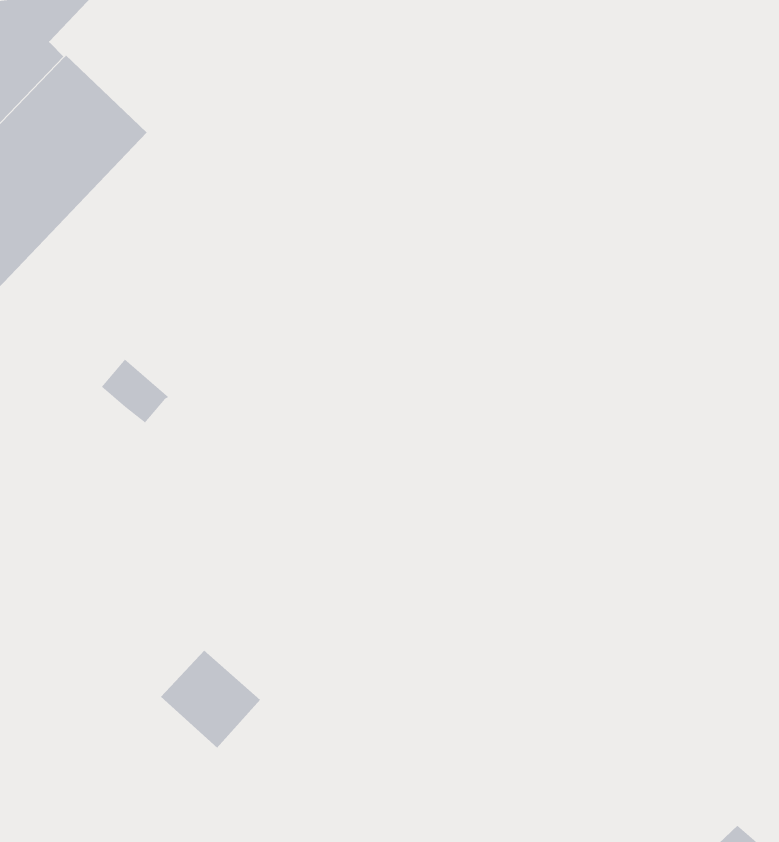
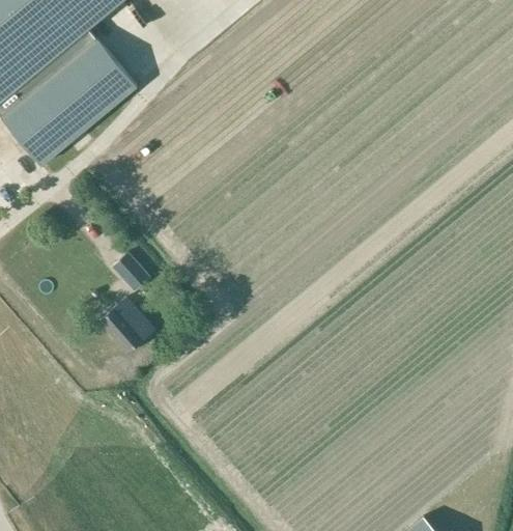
building: [101,358,169,424] -> [111,251,149,289]
building: [160,650,261,748] -> [97,296,154,353]

